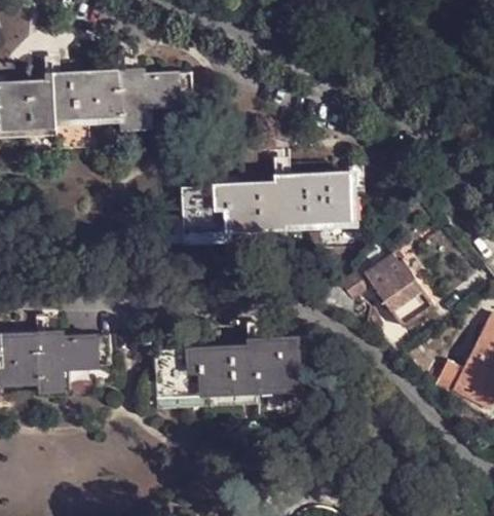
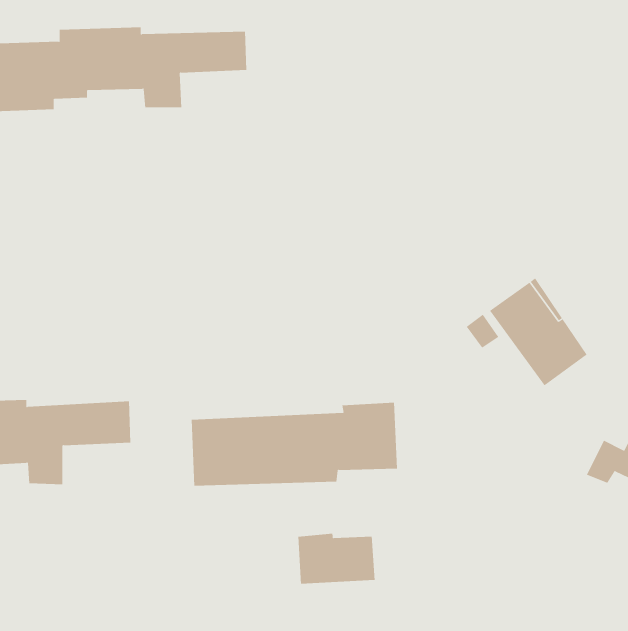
building: [181,173,352,234] -> none
building: none -> [298,533,375,584]

